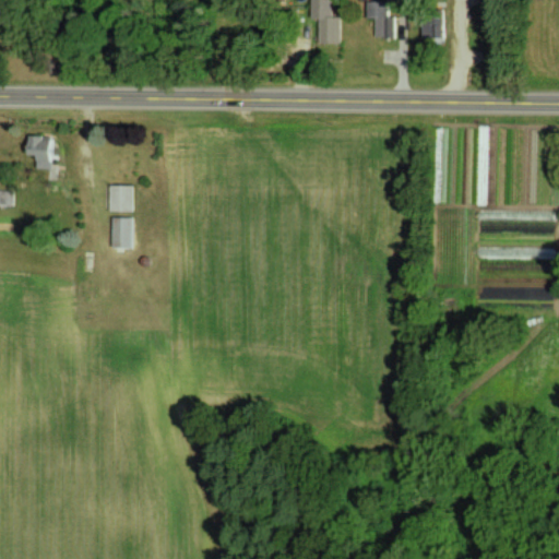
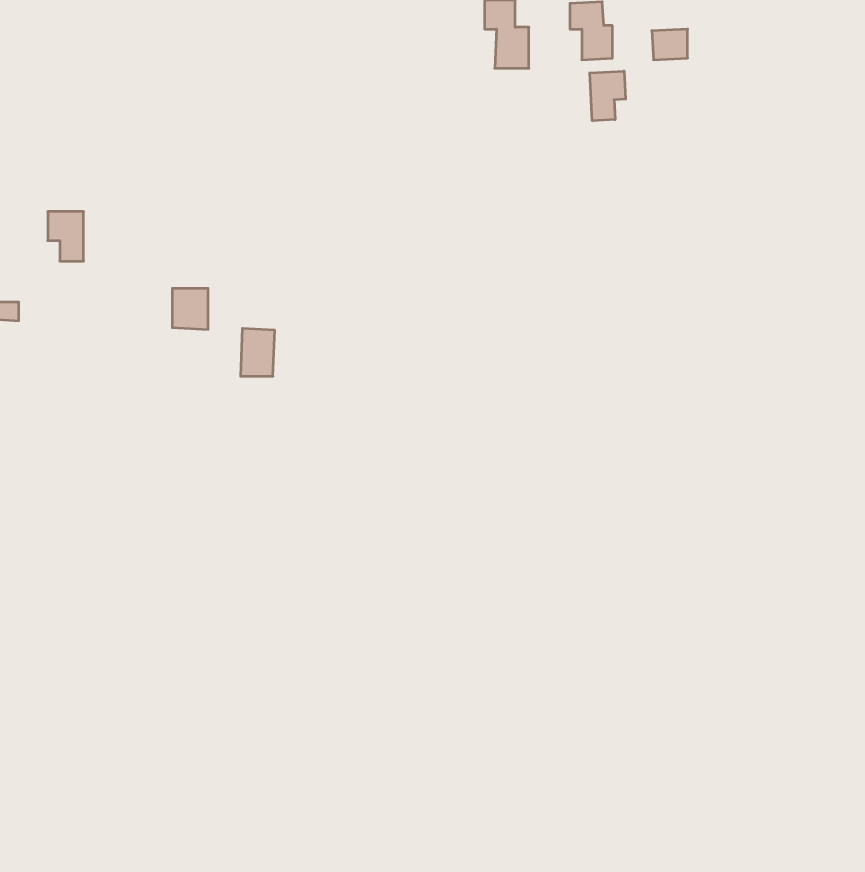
building: none -> [590,71,626,121]
building: [111,216,133,247] -> [241,328,275,376]

